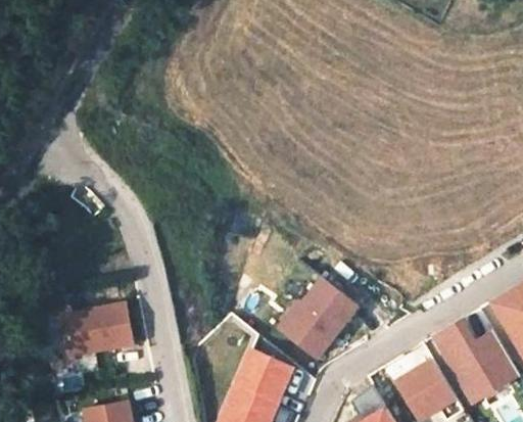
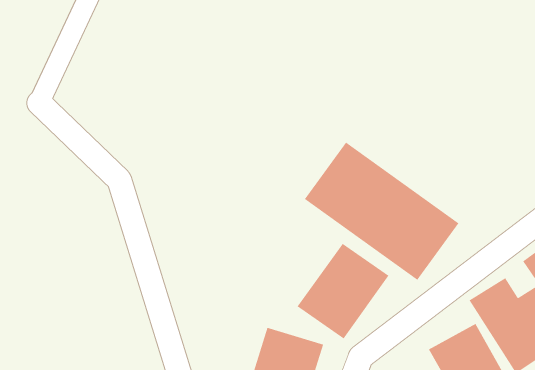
building: none -> [304,142,460,281]
building: [54,300,130,359] -> none

